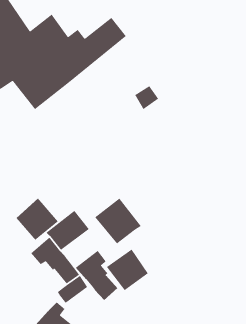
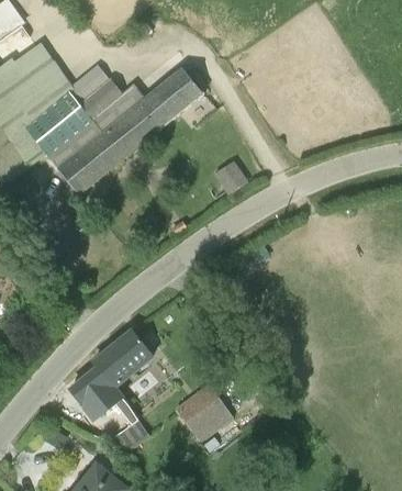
building: [16,198,59,241] -> none
building: [94,198,142,245] -> none
building: [75,250,118,301] -> none

